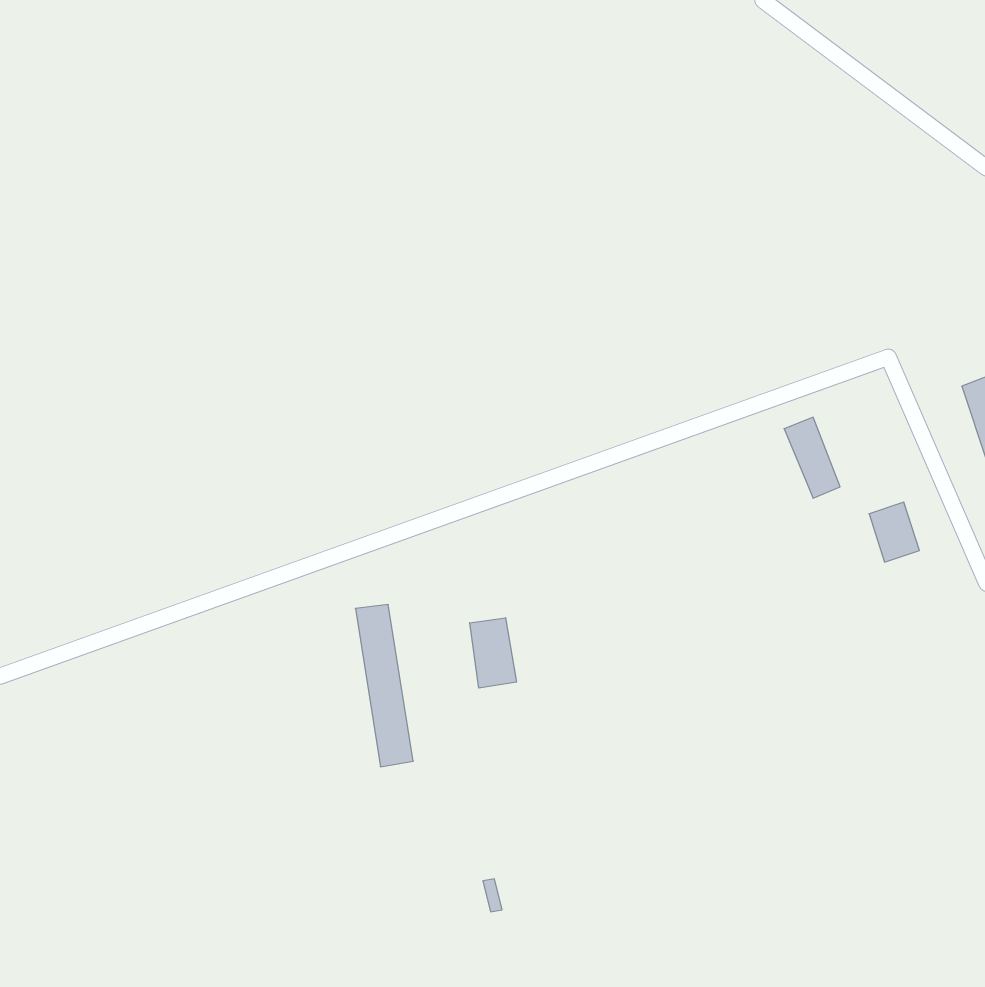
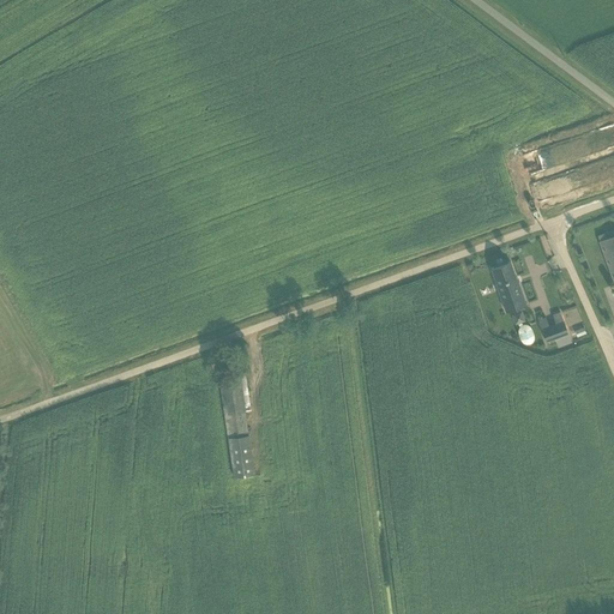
building: [470,618,517,688] -> none

